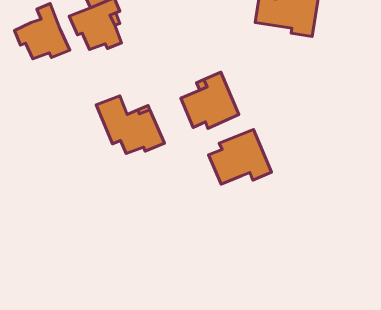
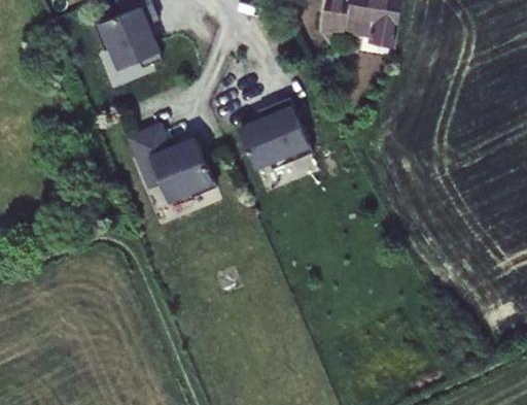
building: [14,3,70,59] -> none
building: [208,130,272,184] -> none

